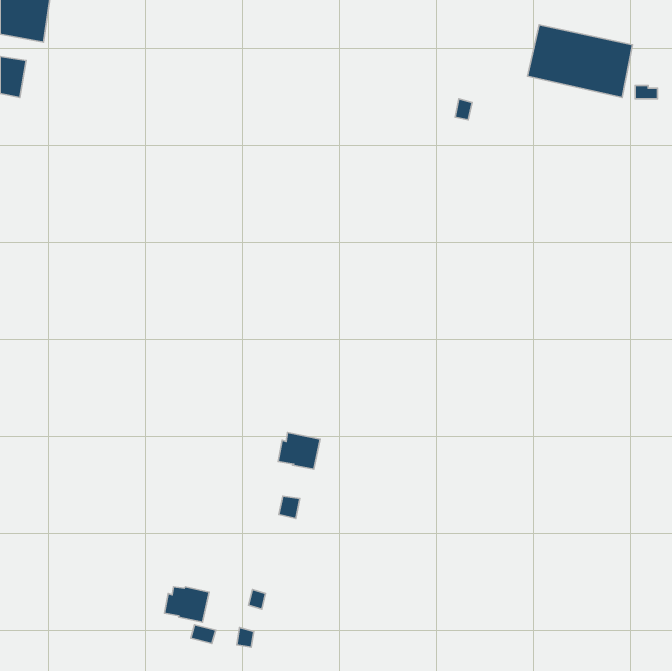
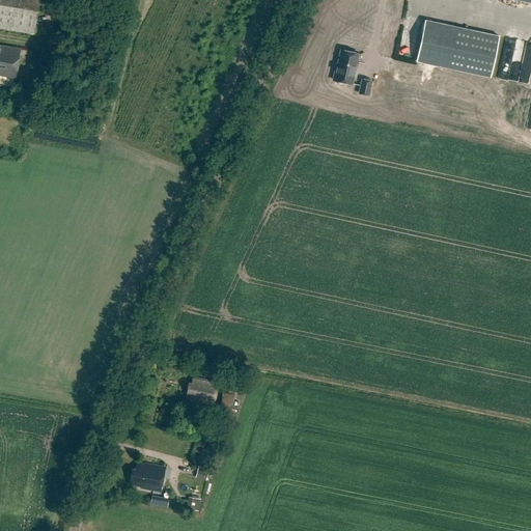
building: none -> [333,49,359,83]
building: [278,432,320,469] -> [186,375,219,404]

